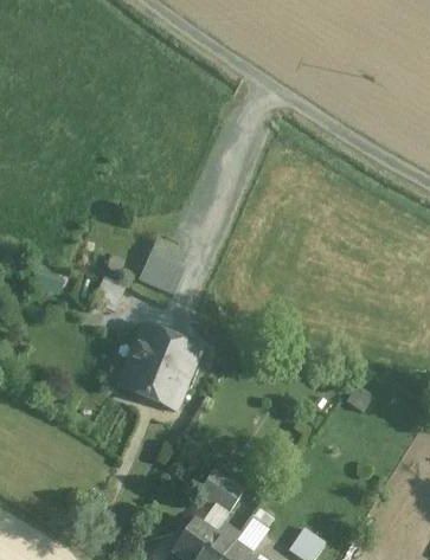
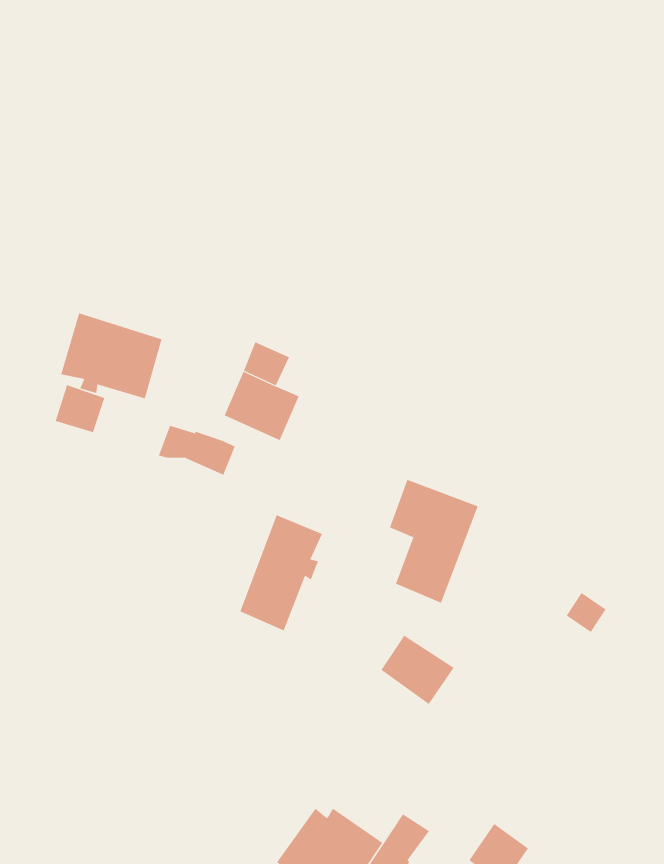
building: none -> [60,312,162,399]
building: [117,322,172,398] -> [389,479,479,603]
building: [199,470,244,513] -> [381,635,454,705]

